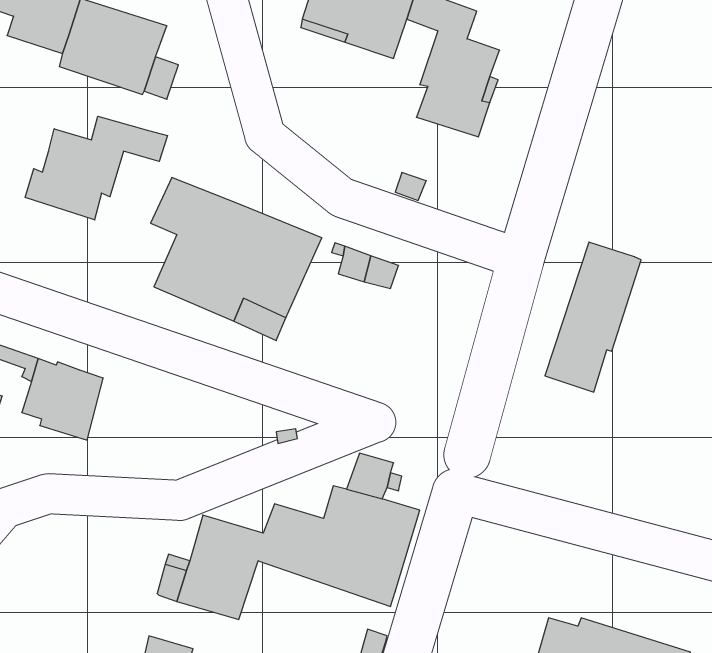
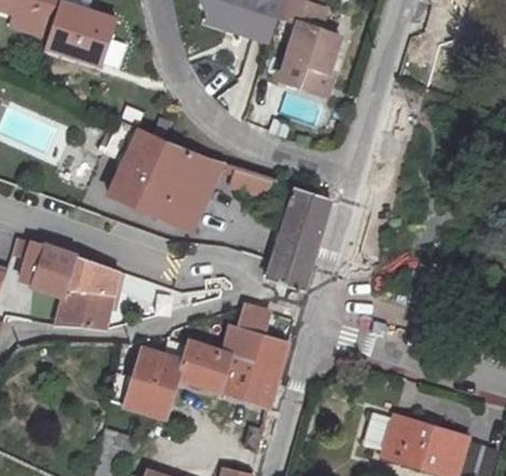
building: [25,116,168,220] -> none
building: [545,242,641,392] -> [266,188,330,289]
building: none -> [56,255,120,328]

